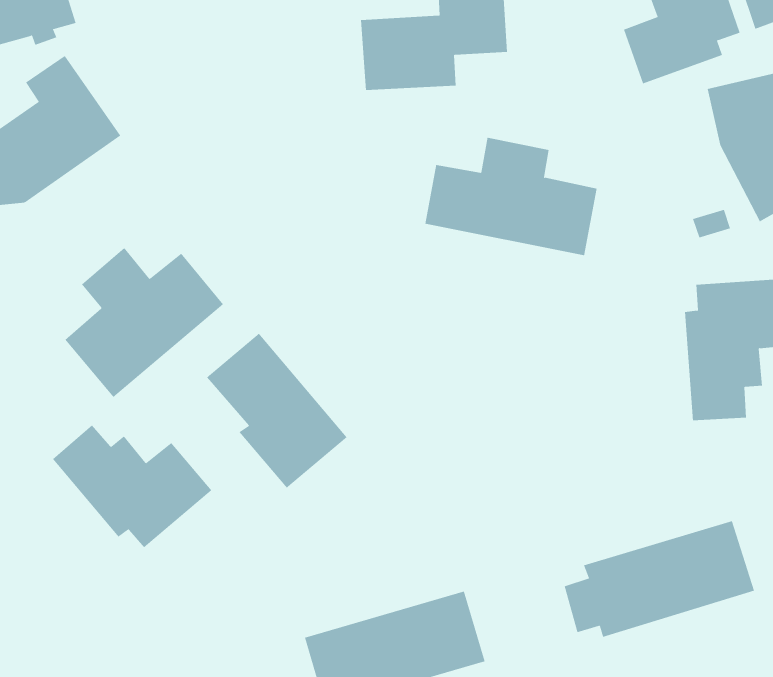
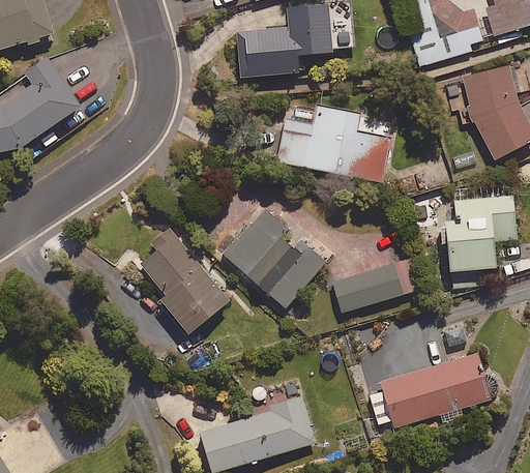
building: [65,247,224,398] -> none
building: none -> [224,209,324,307]
building: none -> [329,260,416,314]
building: [52,425,212,548] -> none

